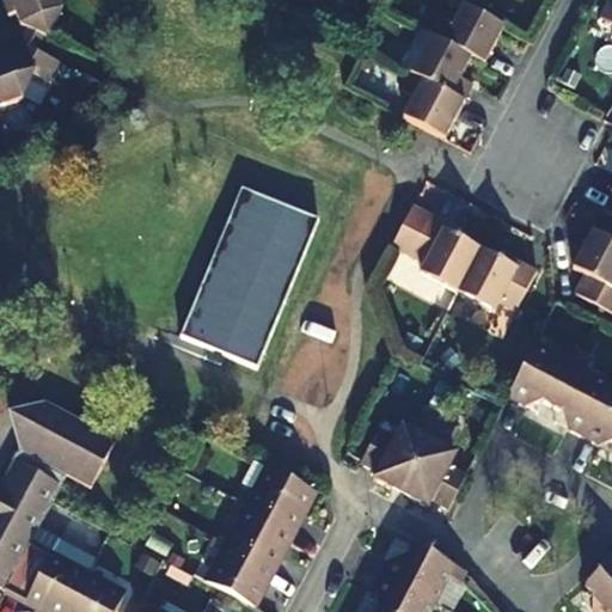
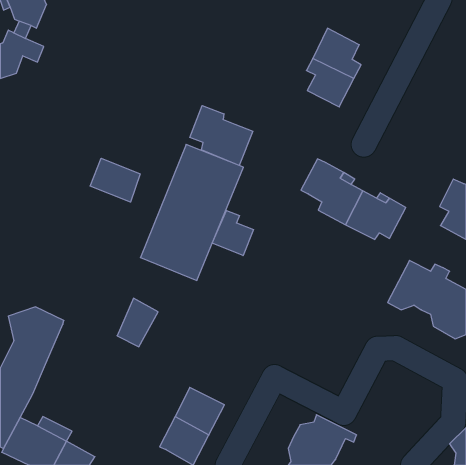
building: [429,6,503,65] -> none
building: none -> [190,106,253,165]
building: none -> [90,158,140,202]
building: none -> [212,211,254,256]
building: [361,409,469,509] -> none
building: [61,424,115,488] -> [117,298,158,347]
building: [249,469,314,530] -> none

